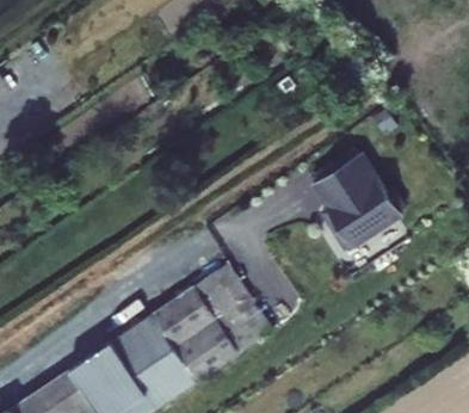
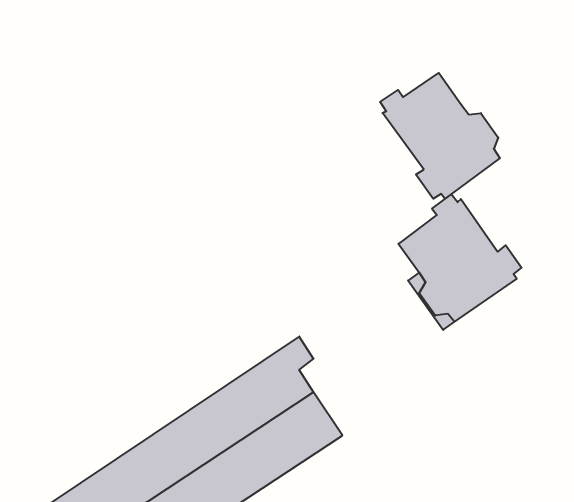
building: none -> [380,73,500,199]

